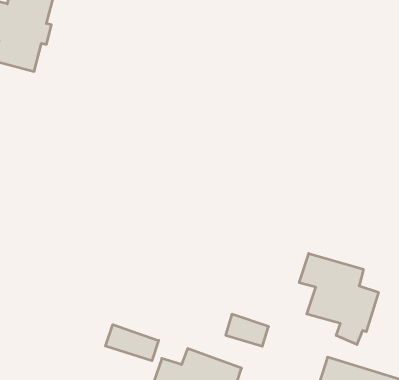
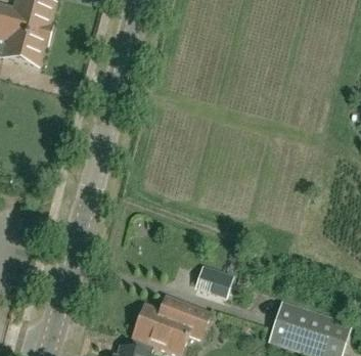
building: [299,253,378,345] -> none
building: [105,325,159,361] -> none

